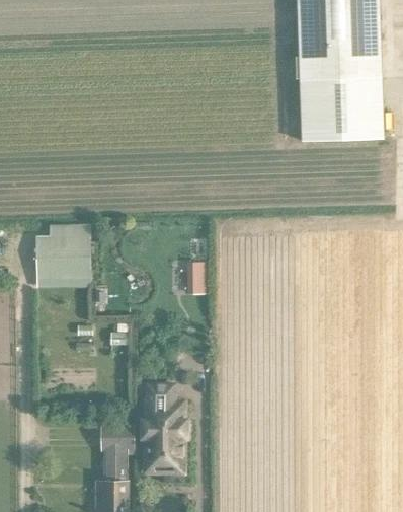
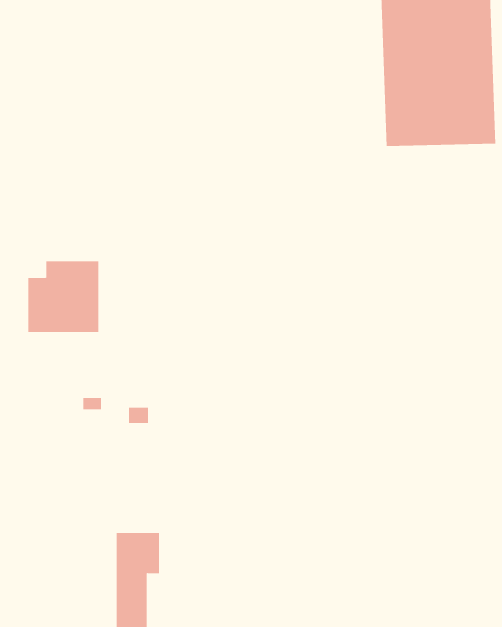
building: [188,261,207,292] -> none
building: [142,384,185,471] -> none

